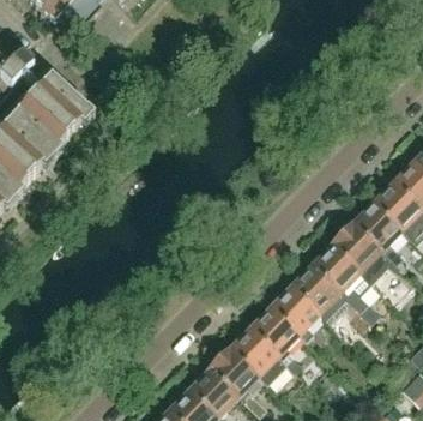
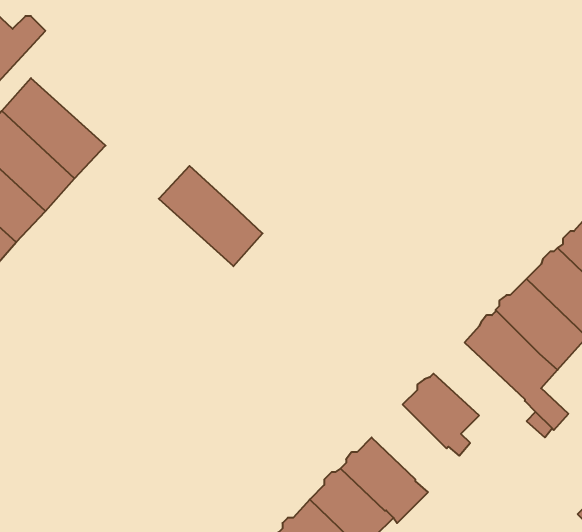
building: [25,71,93,137] -> [159,166,263,266]
building: [290,266,350,325] -> none
building: [249,307,303,373] -> none

